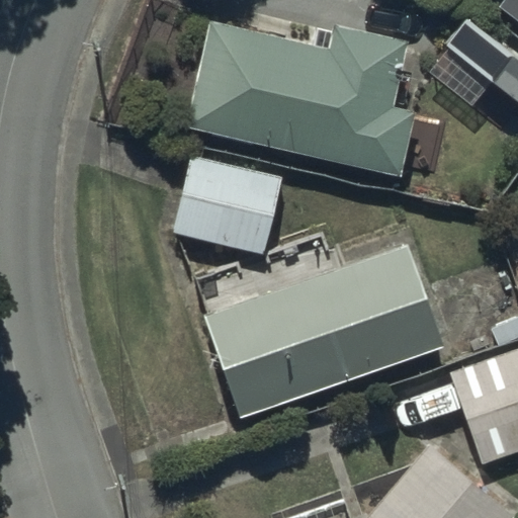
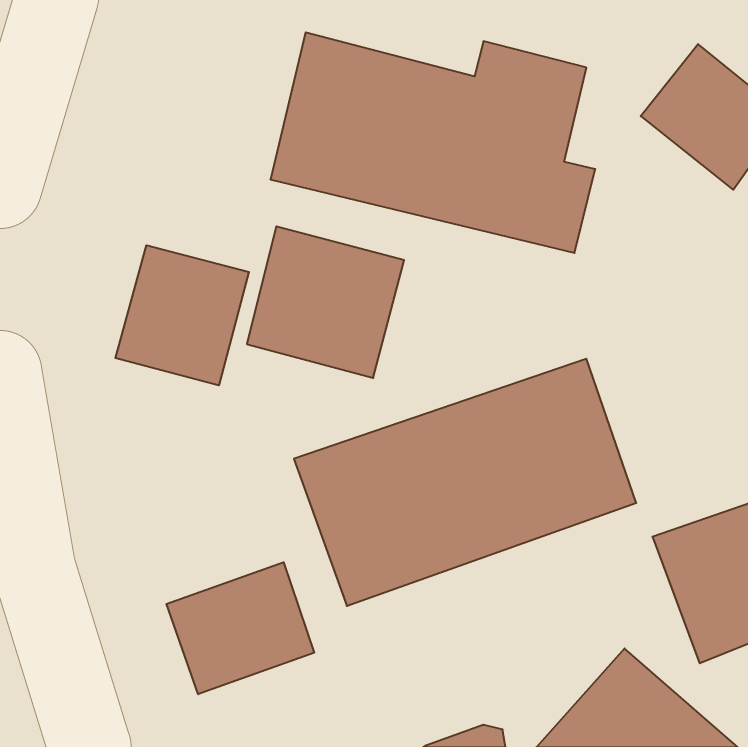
building: none -> [115,245,249,385]
building: none -> [166,562,314,694]

